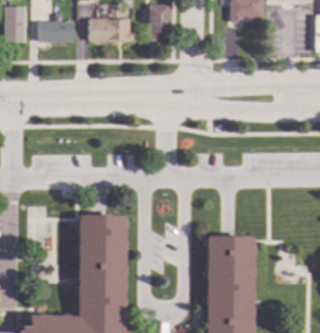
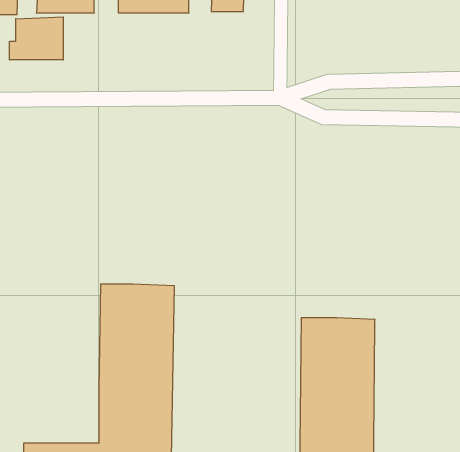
building: none -> [10,17,63,60]

